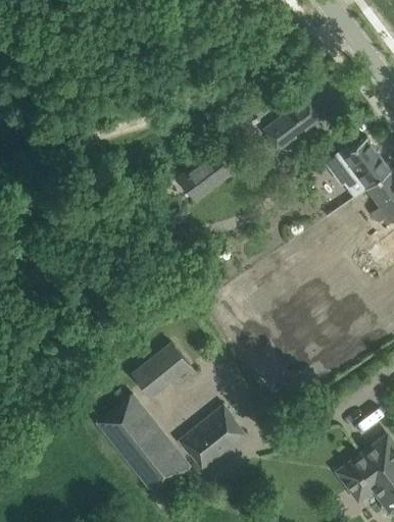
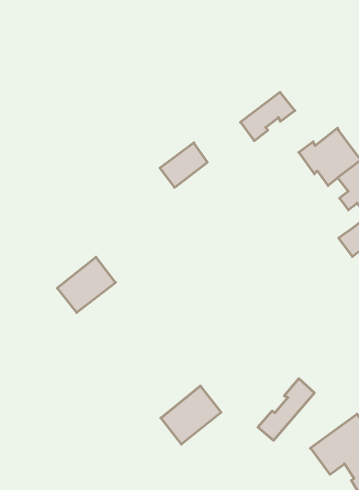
building: [132,340,193,398] -> [57,257,116,313]
building: [96,394,191,495] -> none
building: none -> [258,379,314,440]

